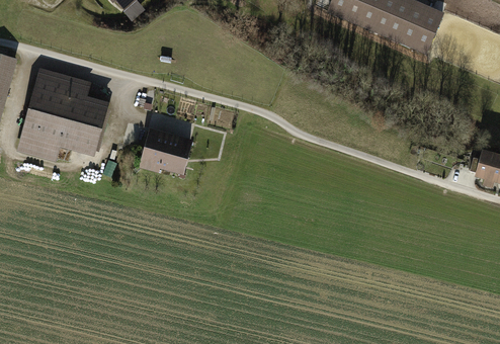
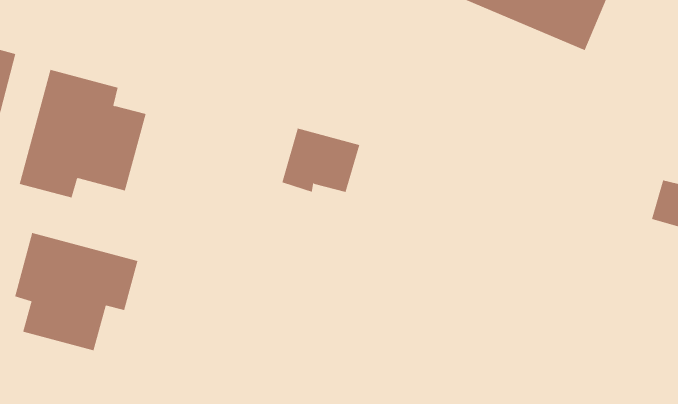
building: [136,126,192,173] -> [282,128,360,192]
building: none -> [14,232,138,351]

